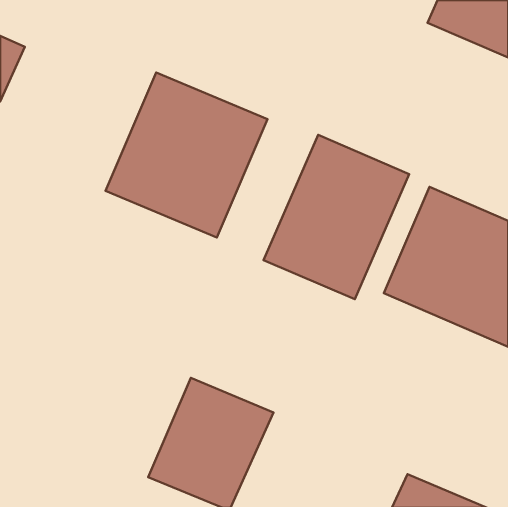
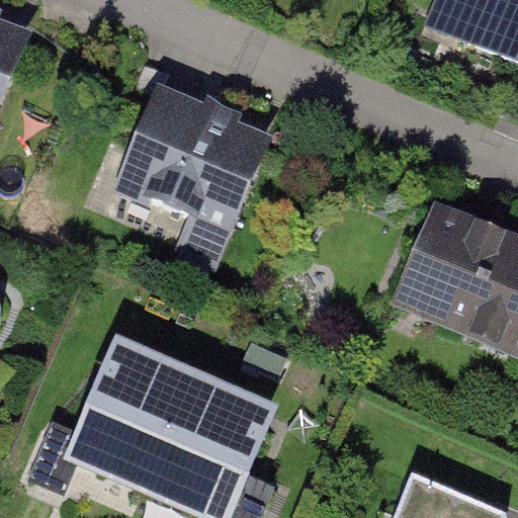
building: [264,135,409,299] -> none
building: none -> [67,350,194,487]

